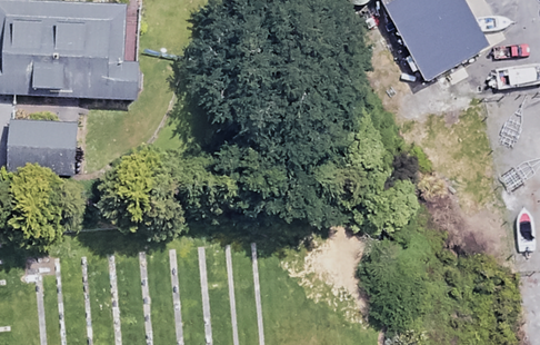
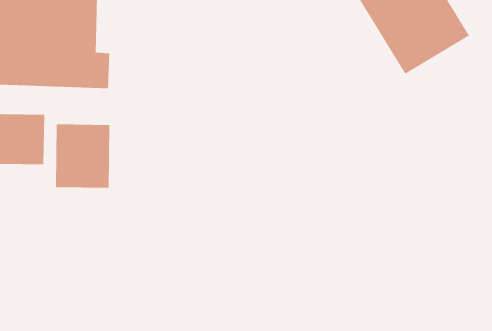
building: none -> [55,123,110,189]

